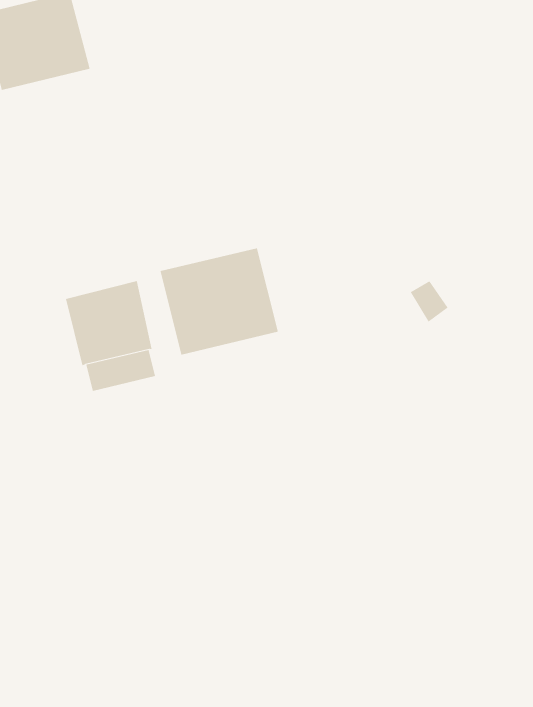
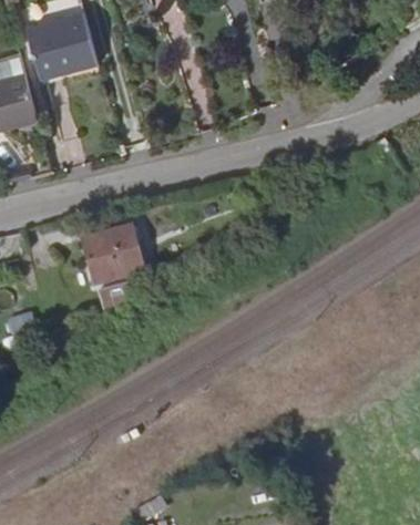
building: [160,247,278,355] -> none

